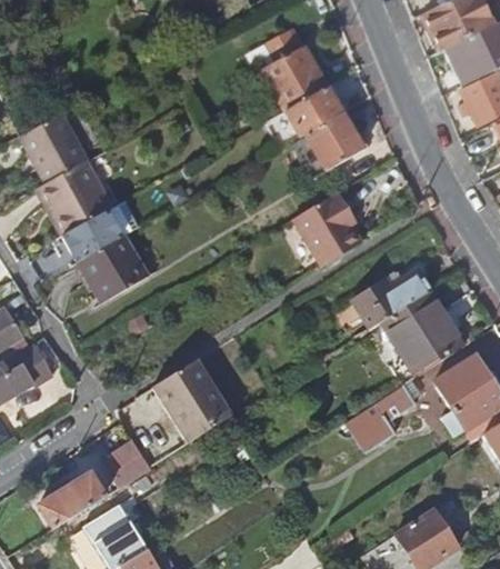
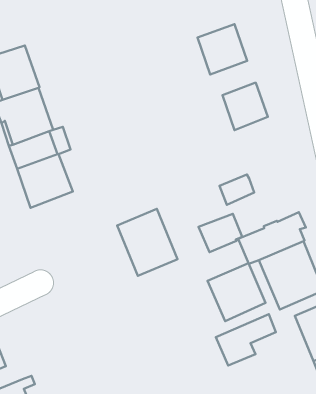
building: [286,87,340,134] -> none
building: [301,190,354,240] -> [199,214,242,252]
building: none -> [207,263,265,321]
building: [151,360,229,443] -> [117,209,177,276]
building: [99,437,148,486] -> none

